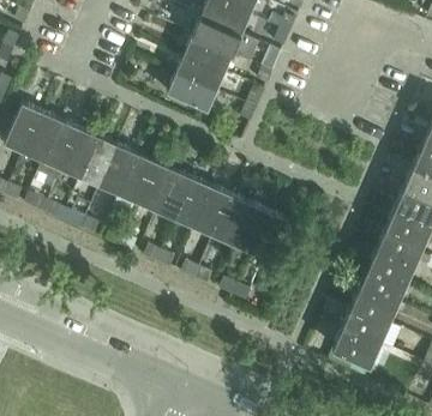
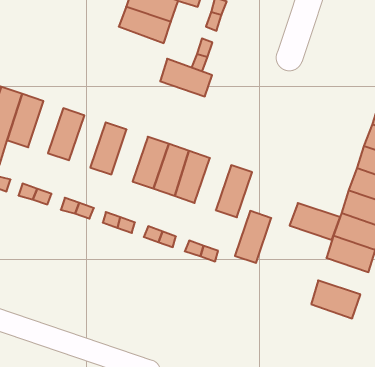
building: [167,73,216,111] -> [160,59,212,96]
building: [80,137,116,186] -> none
building: [118,153,155,203] -> none
building: [156,170,193,219] -> none
building: [232,204,269,253] -> [235,211,271,263]
building: [341,307,389,344] -> [290,203,340,240]

